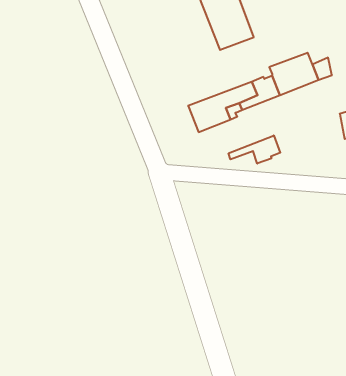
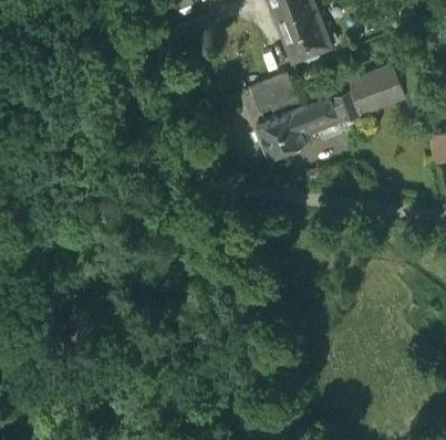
building: none -> [251,74,299,112]
building: [229,135,280,164] -> none

